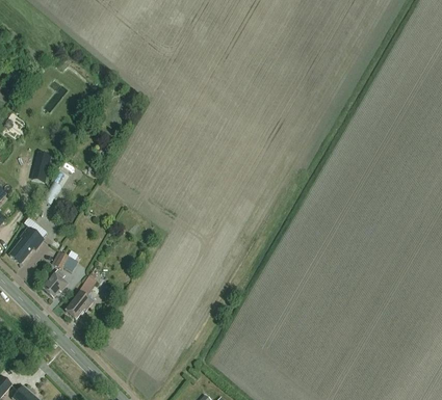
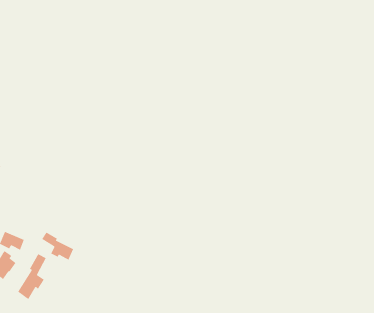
building: none -> [41,232,74,261]

